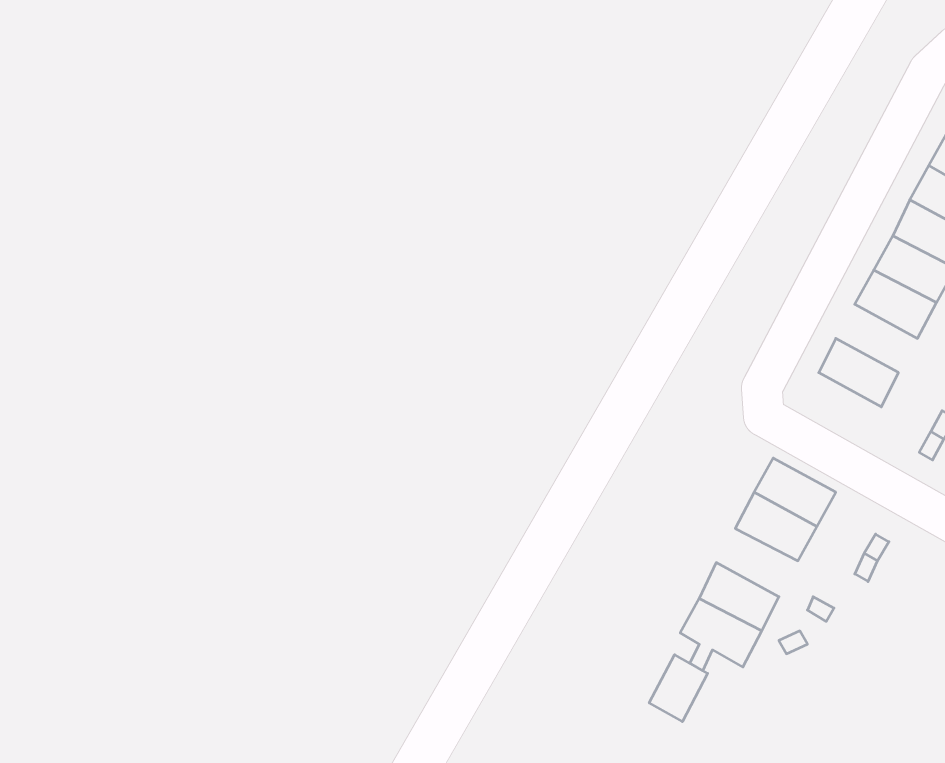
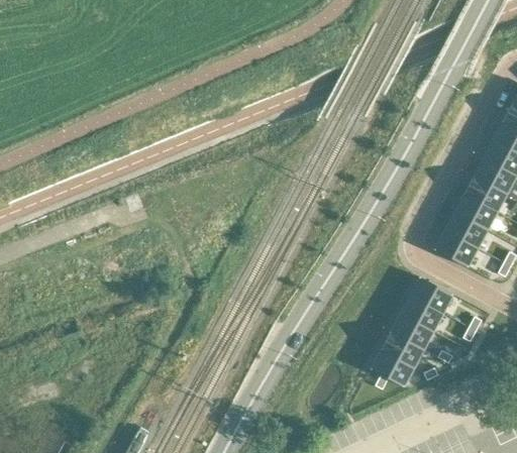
building: none -> [454,194,498,230]
building: none -> [435,230,479,266]
building: none -> [391,313,434,349]
building: [649,655,708,722] -> none

